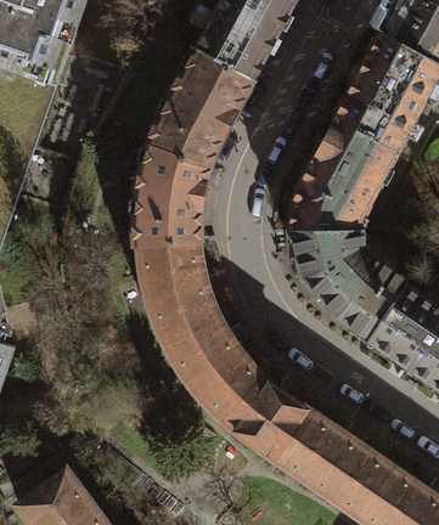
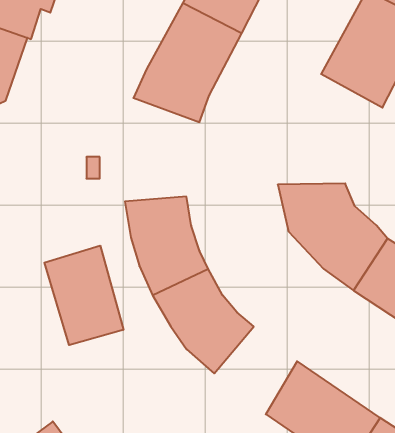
building: [291,118,396,230] -> none
building: [133,142,212,247] -> none
building: none -> [44,246,123,345]
building: [226,373,310,462] -> none

